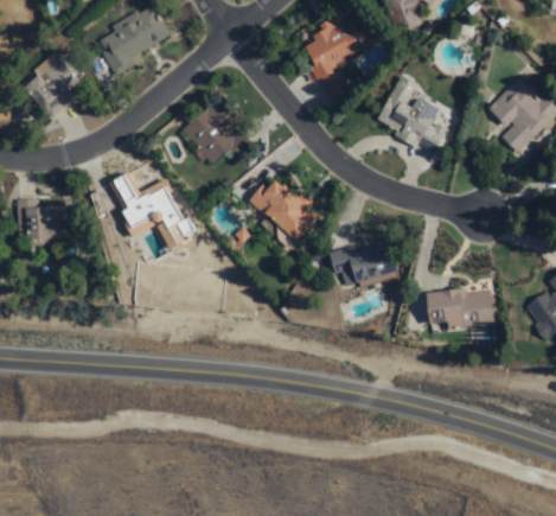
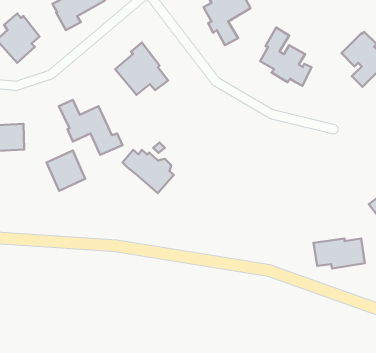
building: [250,183,319,241] -> [123,150,174,193]
building: none -> [47,151,85,191]
building: [330,243,400,287] -> none
building: [428,293,497,333] -> [314,239,365,269]

